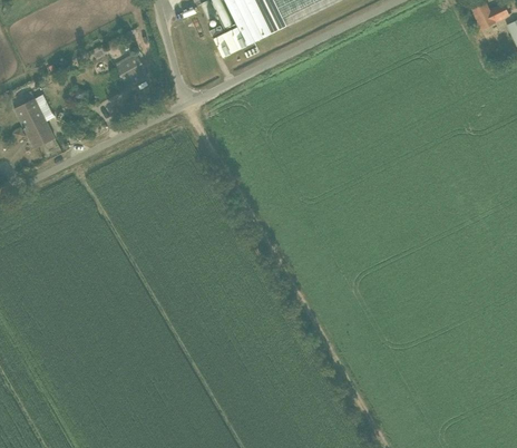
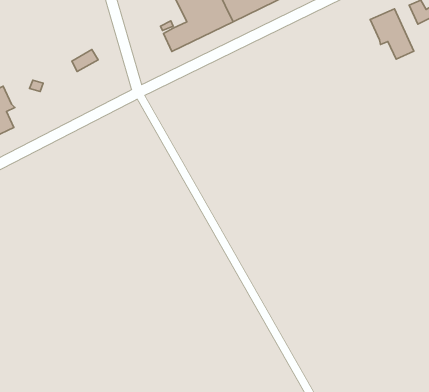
building: none -> [370,9,414,59]

